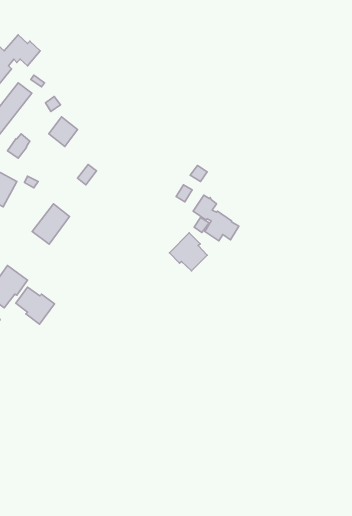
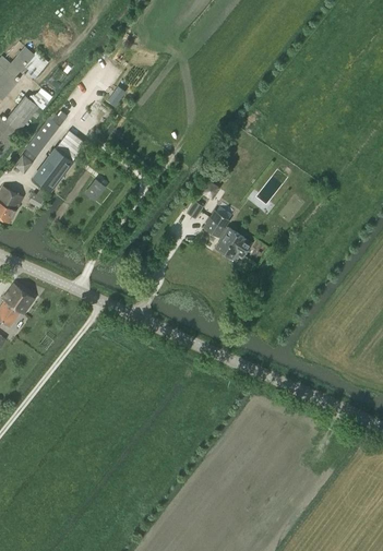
building: [32,204,69,244] -> [34,149,72,191]
building: [170,233,207,271] -> none
building: [16,287,54,324] -> none

